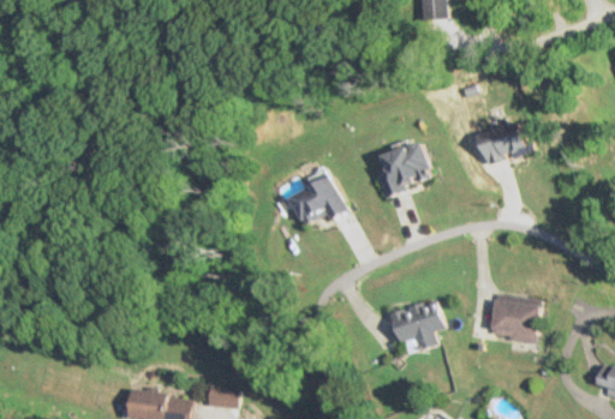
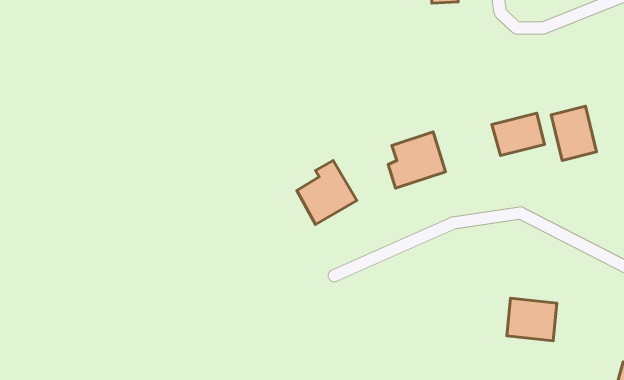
building: none -> [551,106,597,161]
building: [392,297,444,354] -> none

